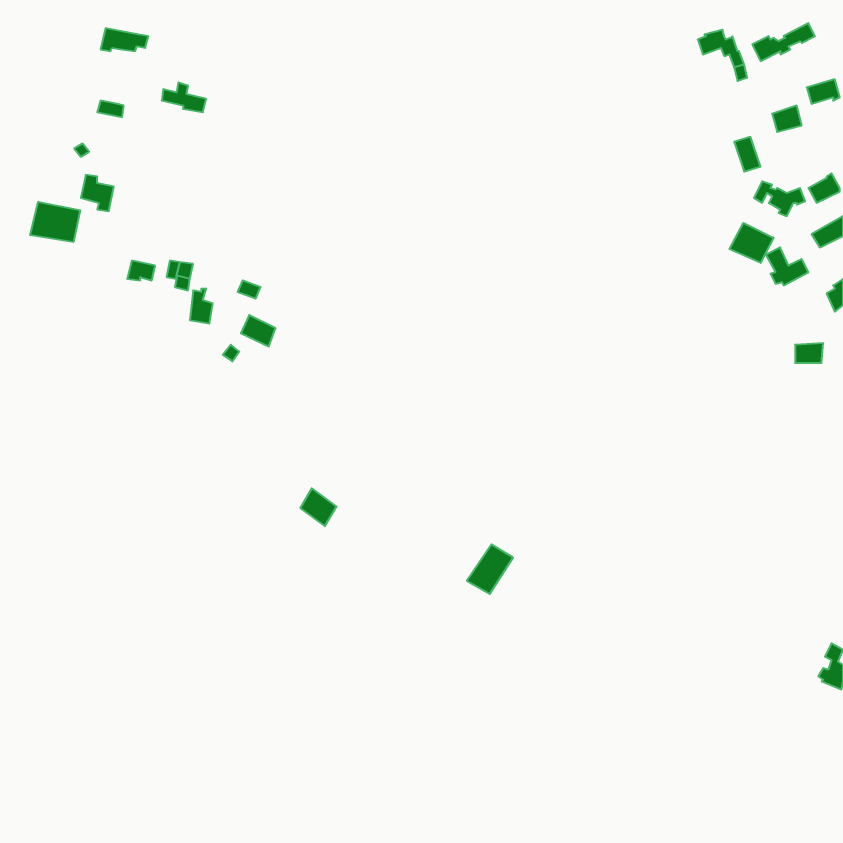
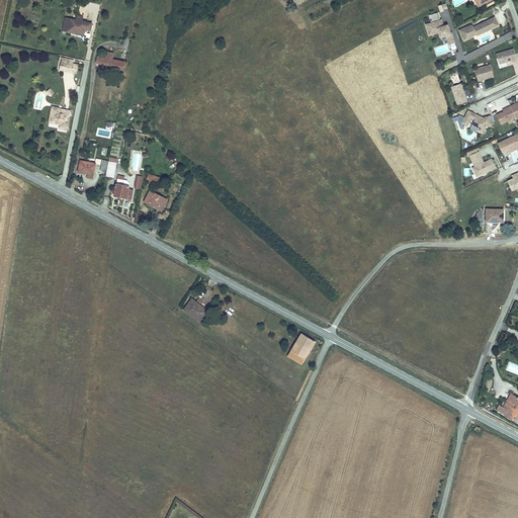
building: [30,202,80,242] -> none
building: [729,223,774,263] -> none

